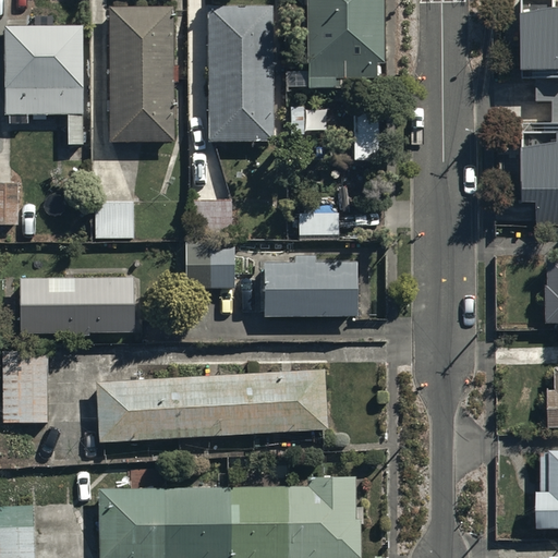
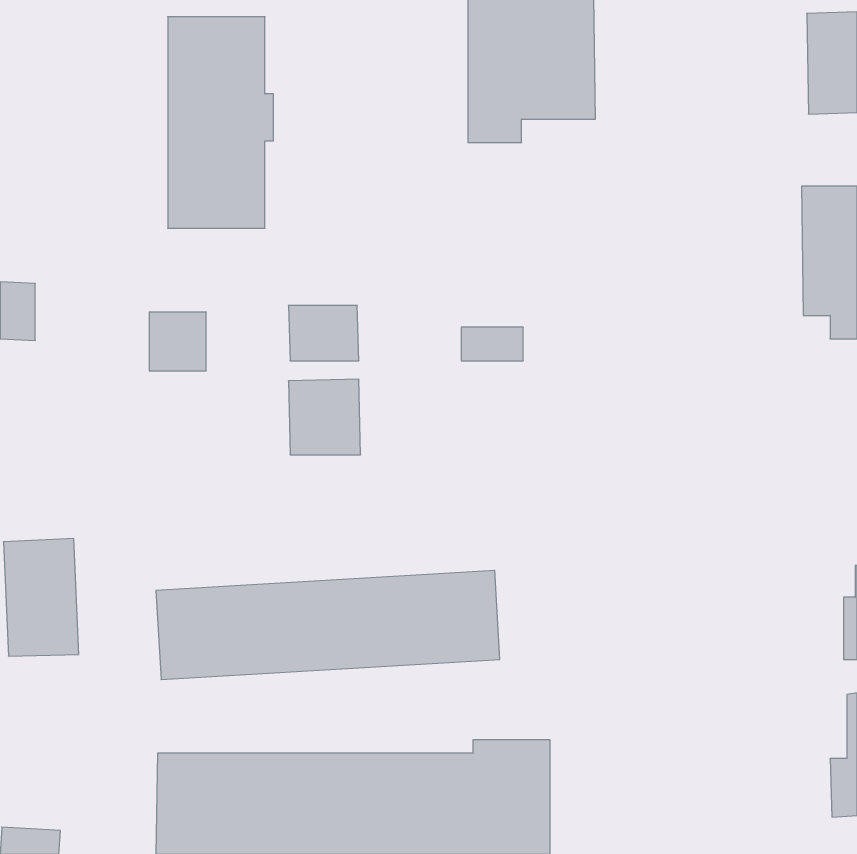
building: [208,4,270,144] -> none
building: [5,17,82,147] -> none
building: [264,262,356,314] -> none
building: [19,278,135,340] -> none

